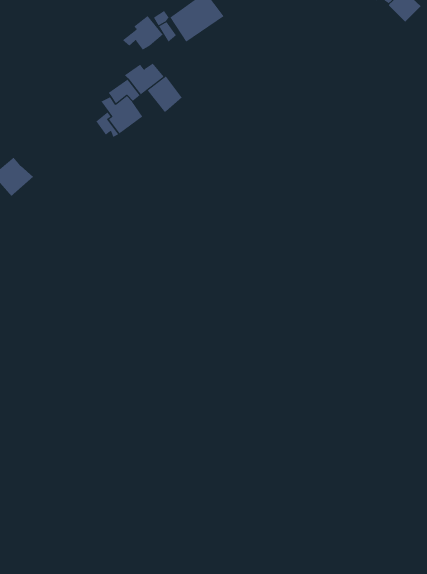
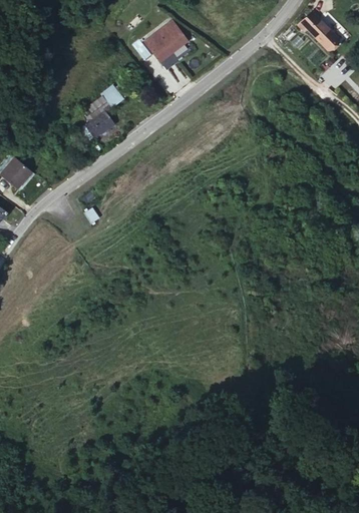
building: [122,15,163,51] -> none
building: [147,75,182,113] -> none

